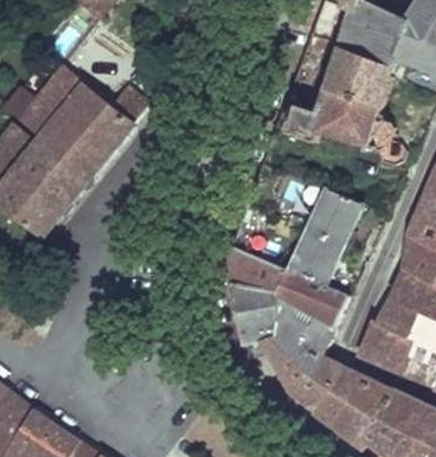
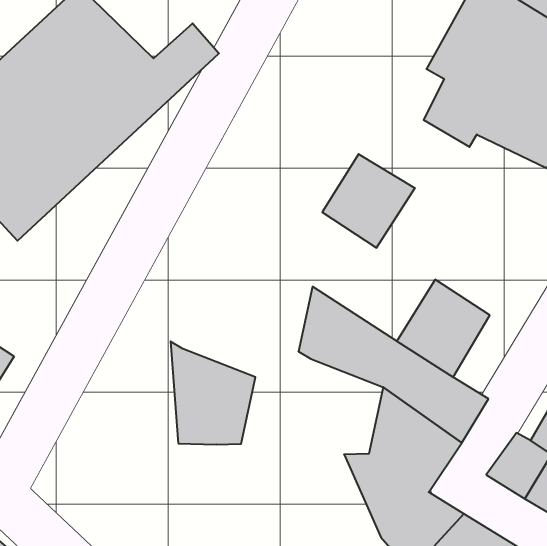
building: [307,186,363,243] -> [322,154,415,248]
building: [227,281,283,343] -> [171,341,255,444]

